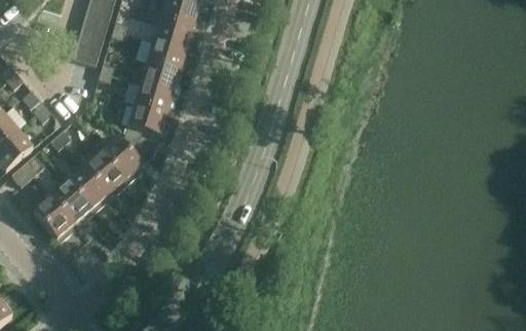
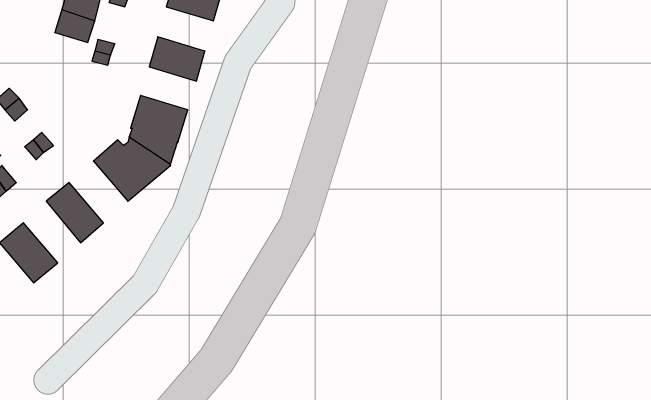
building: [146,39,186,71] -> none
building: [134,82,174,113] -> none
building: [82,150,124,194] -> none
building: [49,179,90,223] -> none

